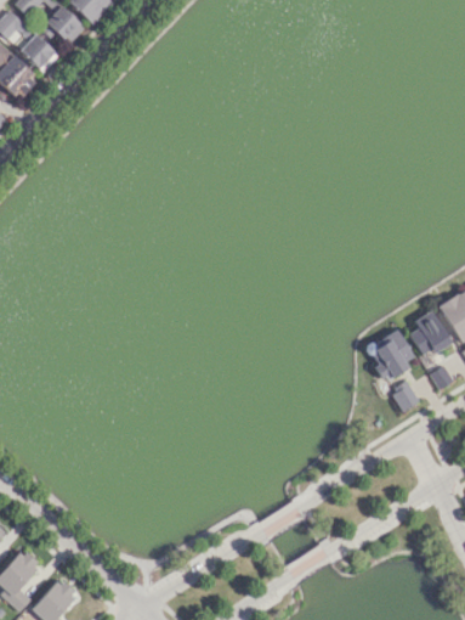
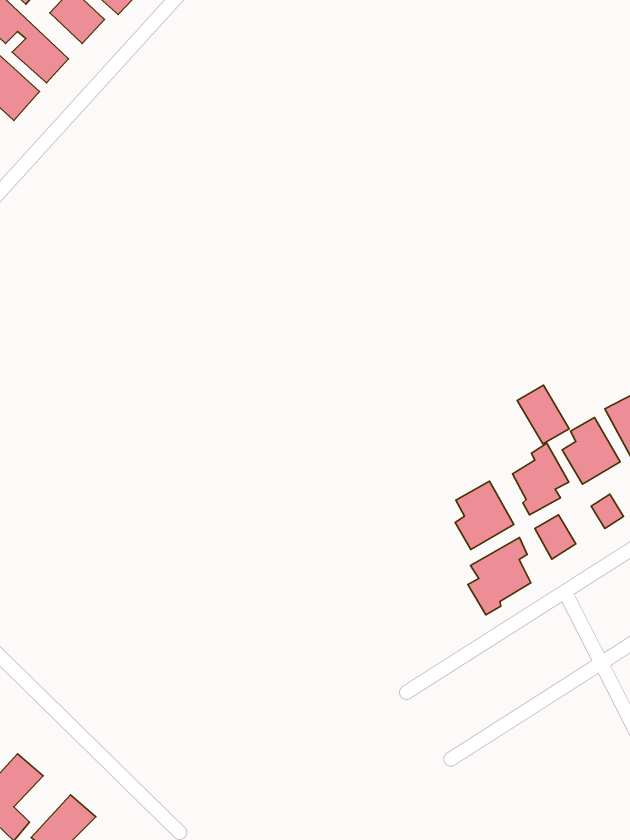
building: none -> [517,385,569,444]
building: none -> [455,481,514,549]
building: none -> [468,538,531,615]

